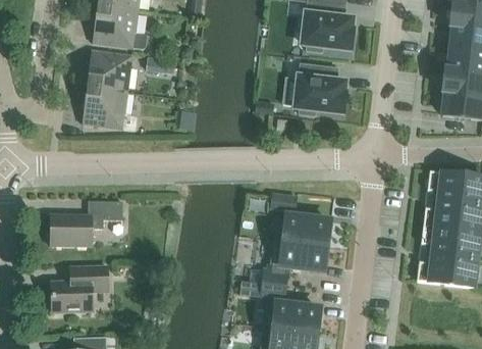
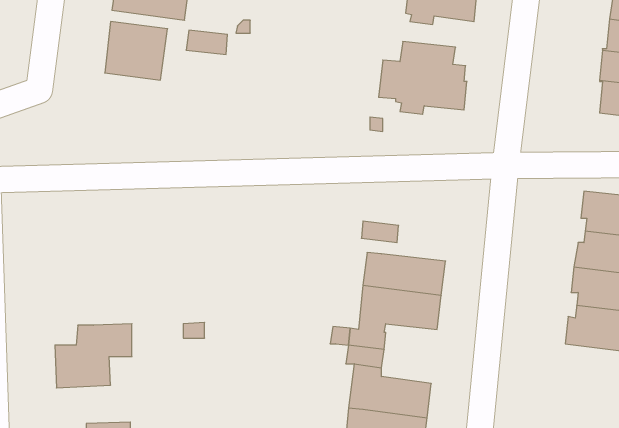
building: [83,87,138,131] -> none
building: [51,201,122,246] -> none

